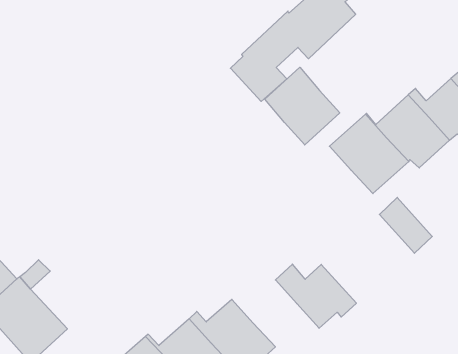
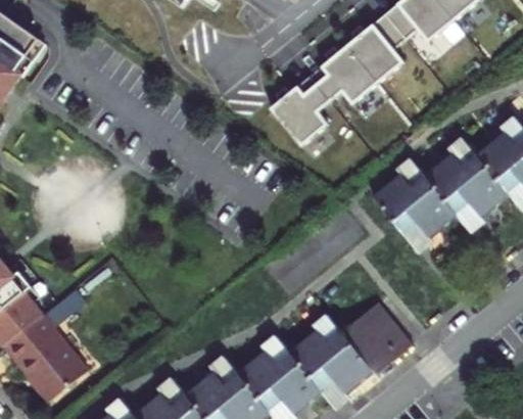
building: [265,67,340,145] -> none
building: [379,197,432,253] -> [355,301,409,360]
building: none -> [262,331,349,401]

